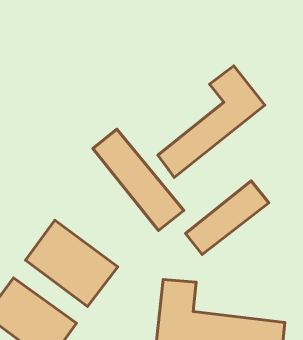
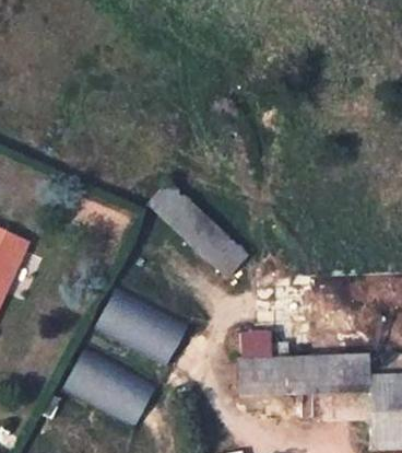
building: [158,66,265,178] -> none
building: [185,181,269,254] -> none

